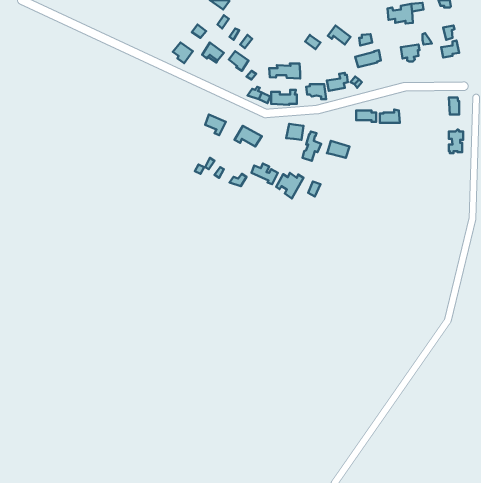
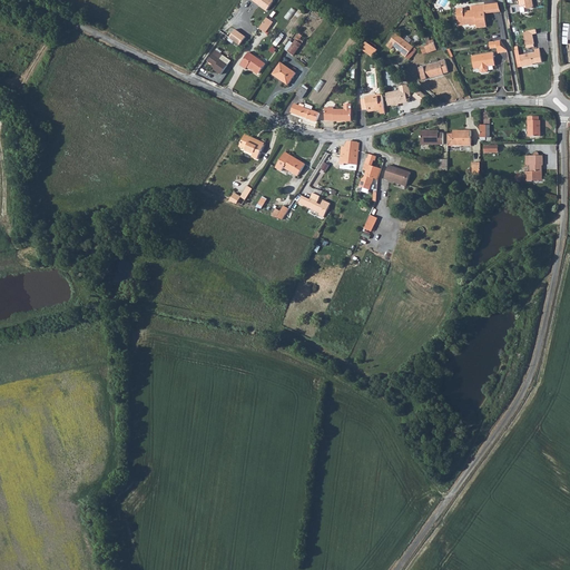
building: [269,64,300,78] -> none
building: [276,173,304,199] -> none

